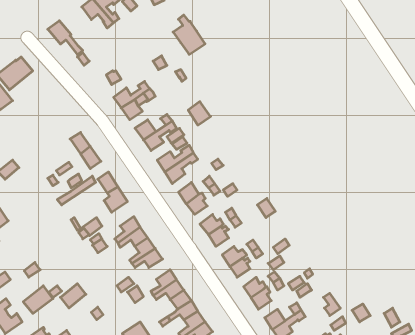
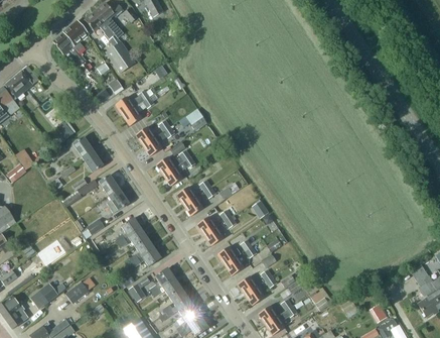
building: none -> [63,19,89,55]
building: [173,15,205,54] -> [105,35,135,73]

